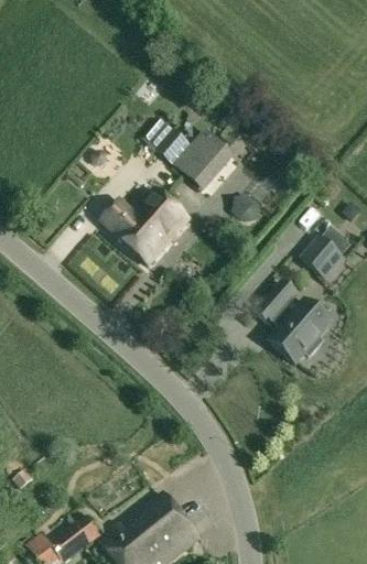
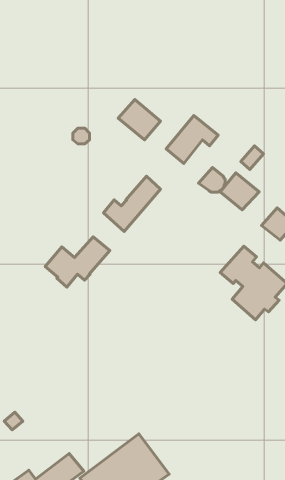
building: [180,122,225,172] -> none
building: [101,189,174,246] -> [45,237,110,287]
building: none -> [220,173,259,210]

